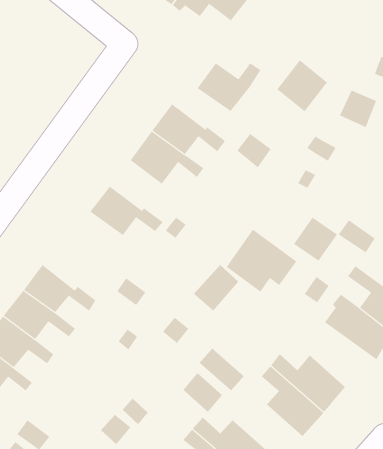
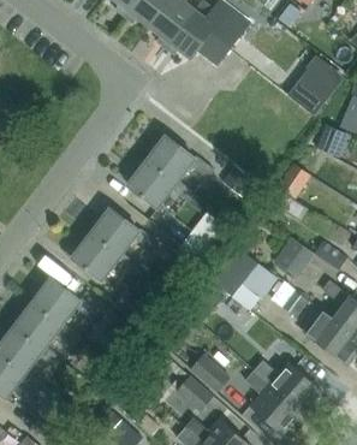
building: [277,59,328,112] -> [290,67,335,114]
building: [197,62,261,112] -> none
building: none -> [72,231,138,279]

